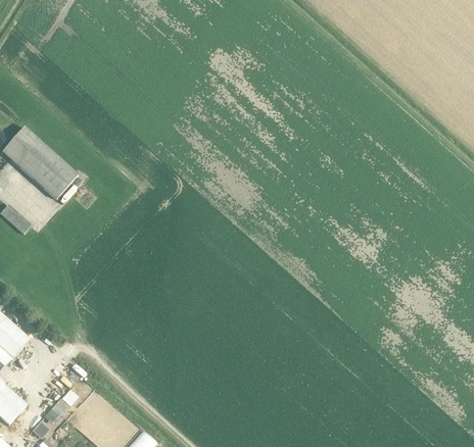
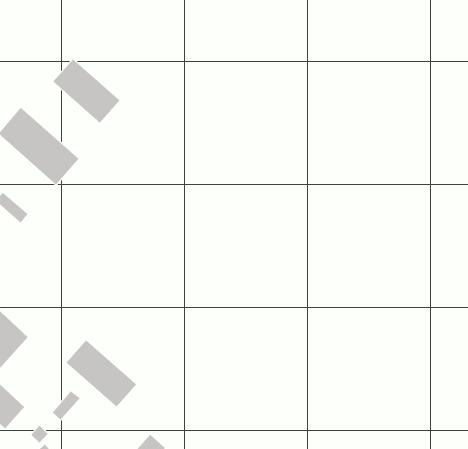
building: none -> [52,58,121,123]
building: none -> [65,340,137,408]

